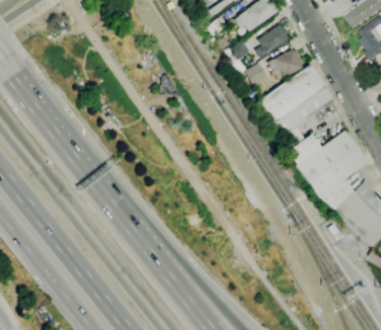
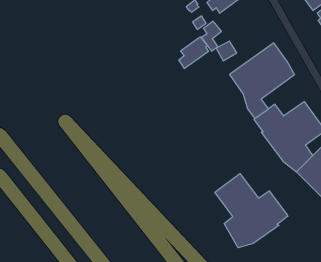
building: [255,23,289,59] -> [179,37,209,68]
building: [268,49,303,78] -> none
building: none -> [215,174,288,248]

